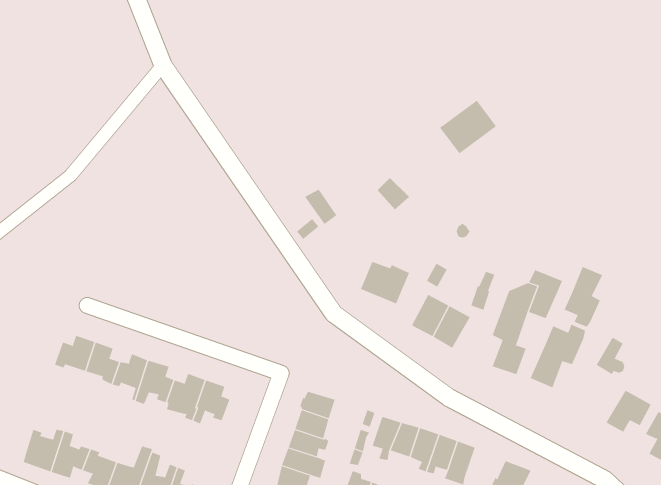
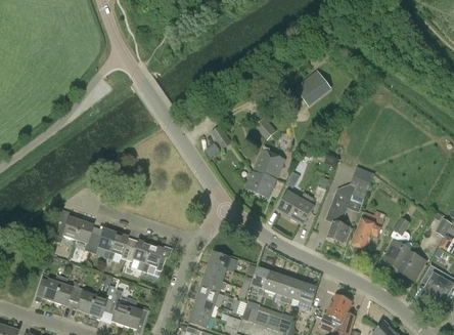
building: none -> [253,148,285,177]
building: [564,266,603,328] -> none
building: none -> [381,239,410,270]

